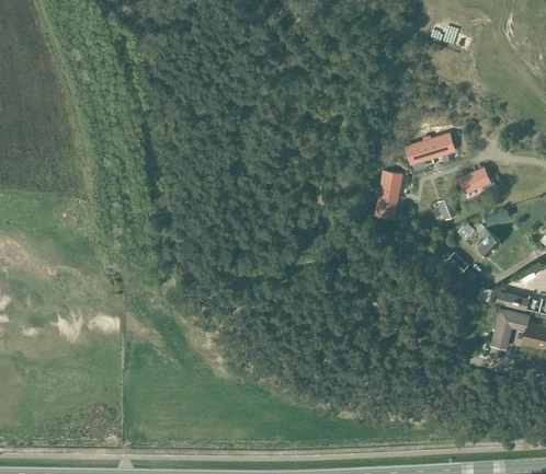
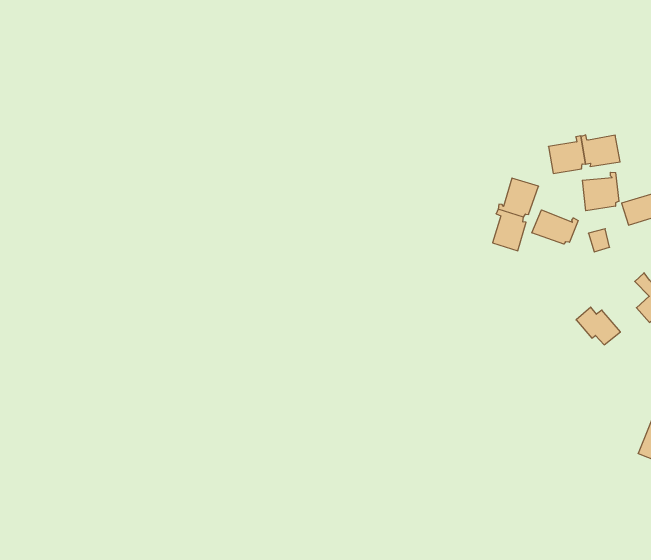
building: none -> [582,172,619,211]
building: none -> [532,210,578,244]

